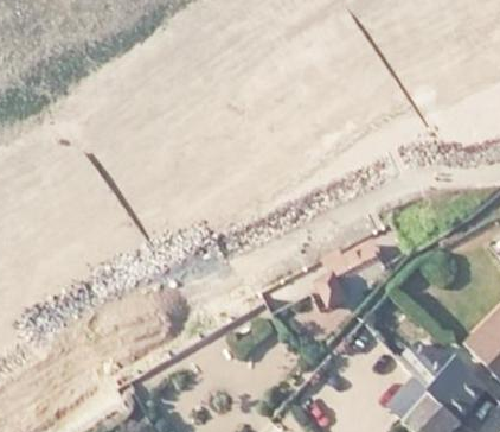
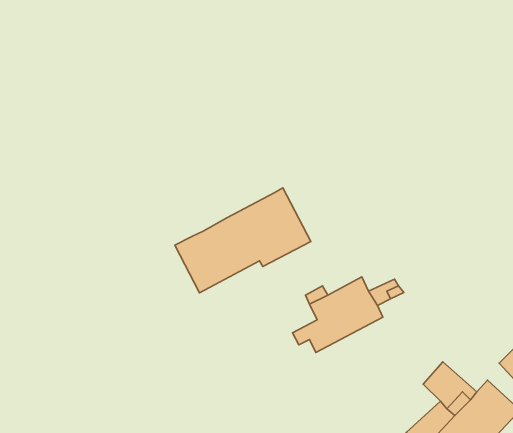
building: none -> [175,188,311,293]

